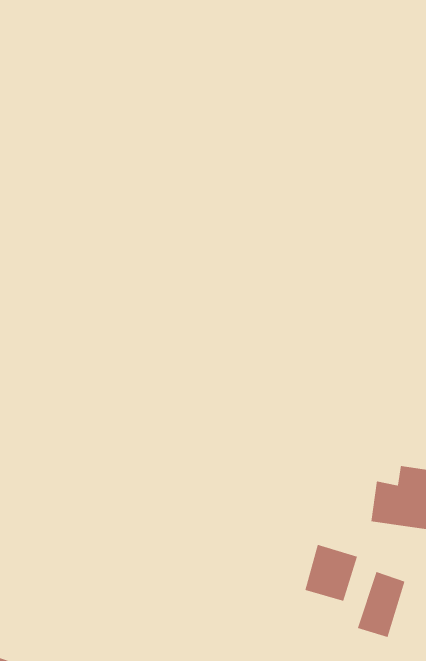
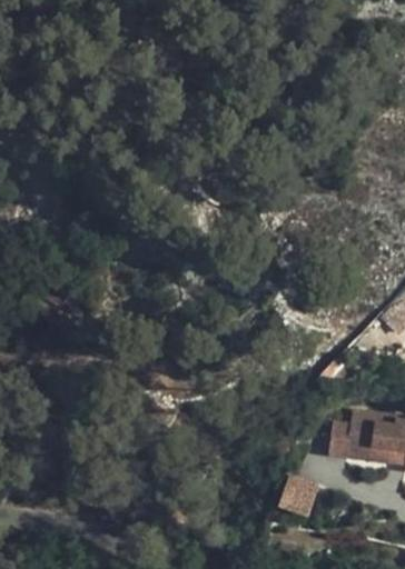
building: [357,571,405,638] -> none

